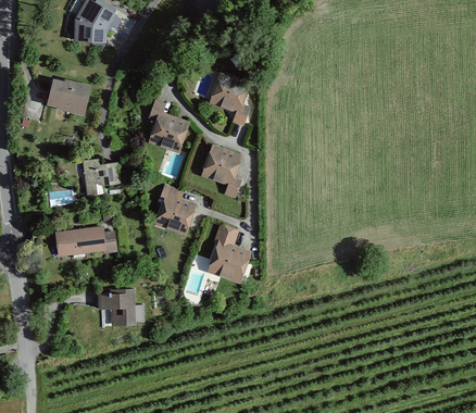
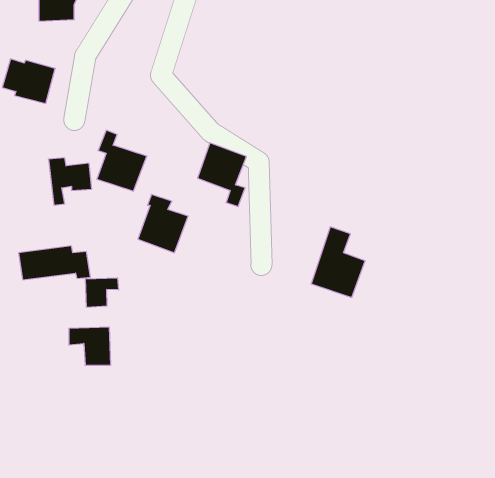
building: [210,76,248,123] -> none
building: [147,99,187,148] -> [97,130,147,191]
building: [206,223,250,279] -> [311,227,365,297]
building: none -> [86,278,118,307]

